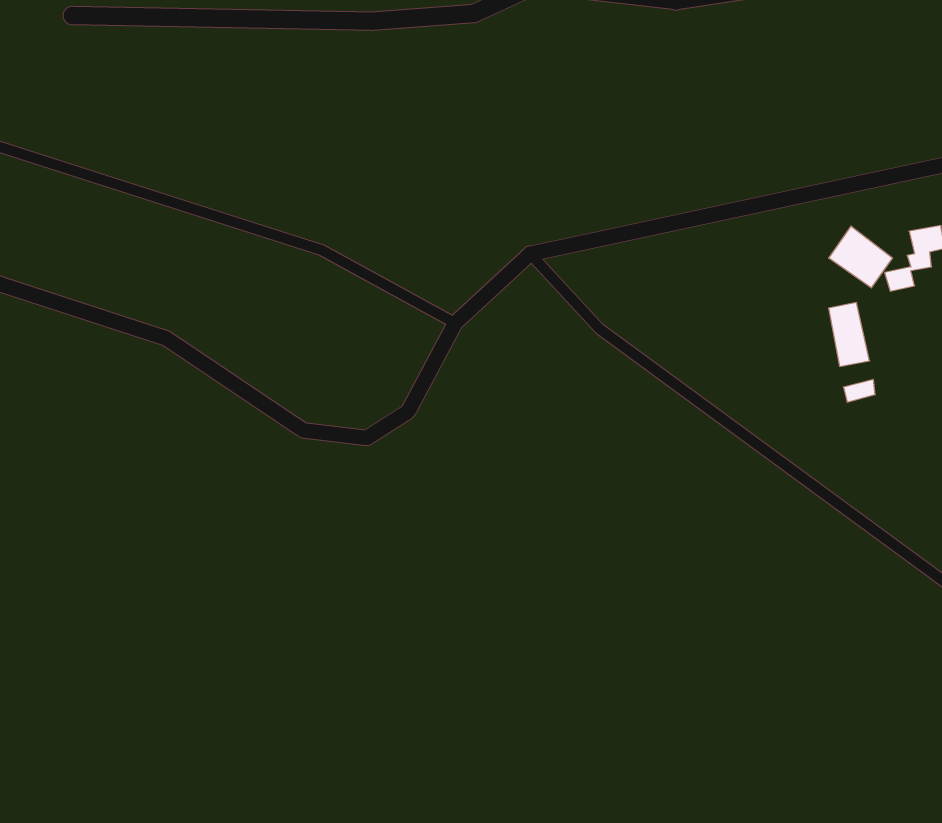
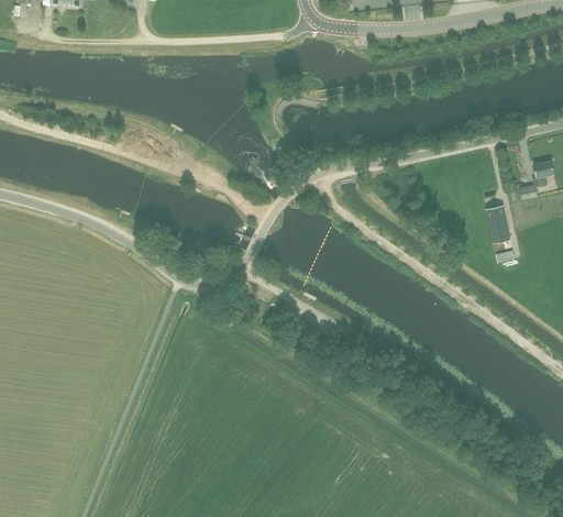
building: [829,226,892,288] -> none

